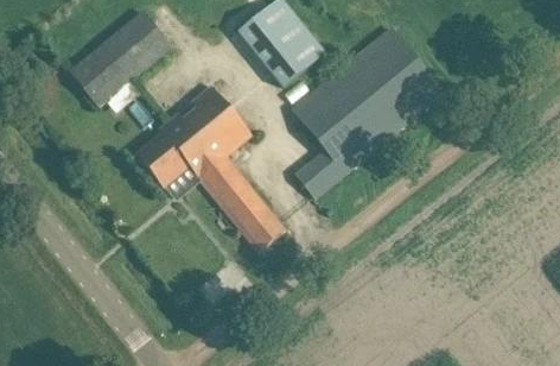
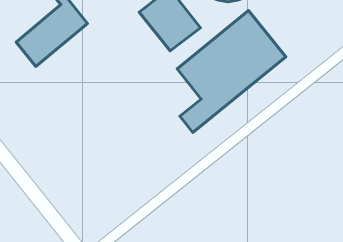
building: [135,84,285,251] -> none

